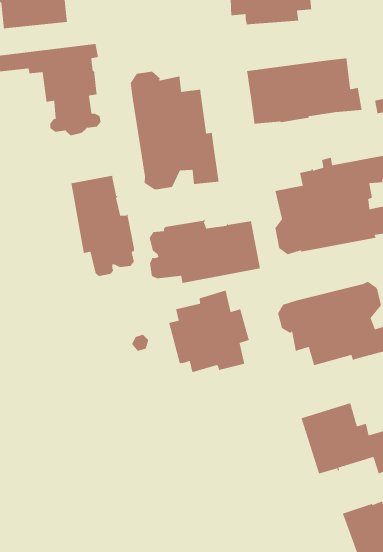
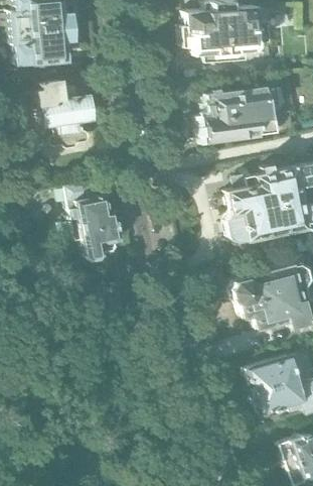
building: [130,71,219,190] -> none
building: [149,219,261,284] -> none
building: [168,290,250,373] -> none

